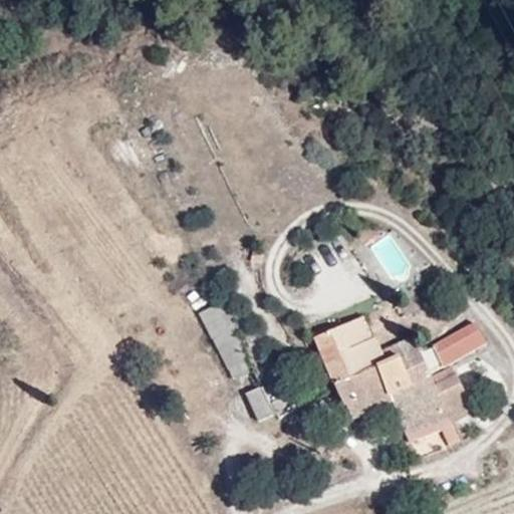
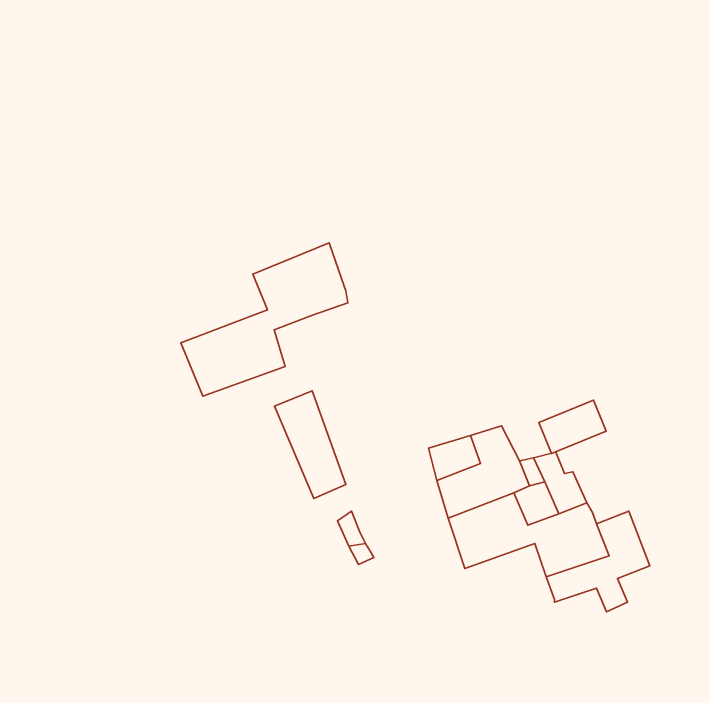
building: none -> [181,243,348,396]
building: [435,331,483,369] -> [539,400,606,453]

